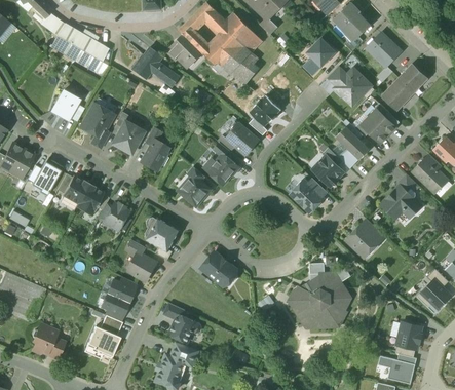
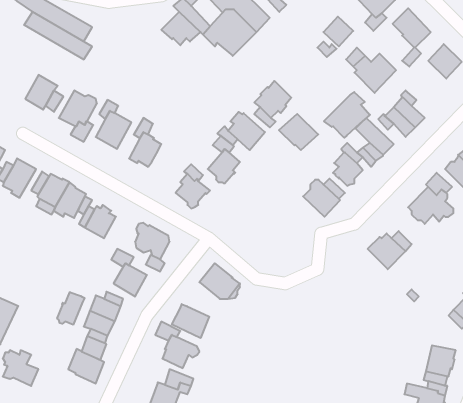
building: [135,47,179,86] -> none
building: [230,52,258,84] -> none
building: [381,77,414,111] -> none
building: none -> [324,92,370,138]
building: none -> [279,114,318,150]
building: [289,272,350,327] -> none
building: none -> [57,292,85,325]
building: none -> [172,304,209,338]

